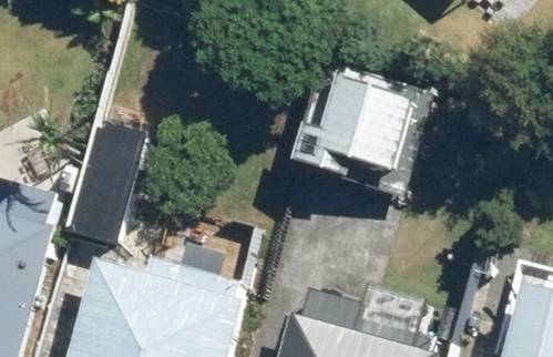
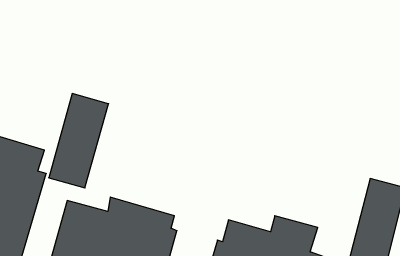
building: [297,72,434,201] -> none

